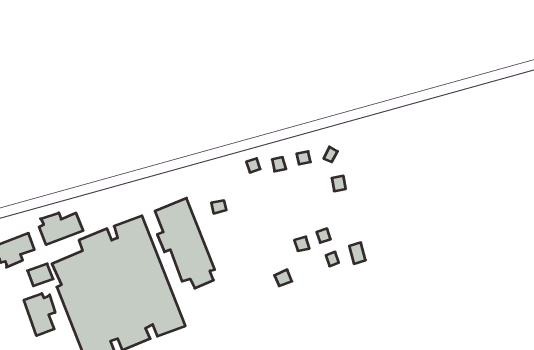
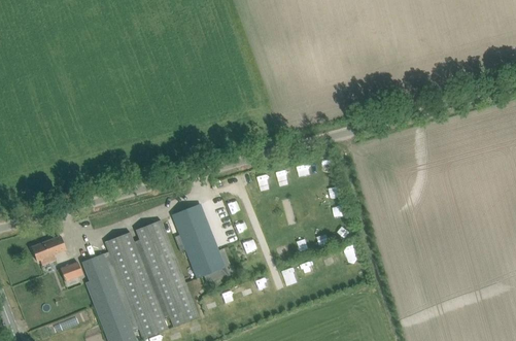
building: [39,213,83,245] -> none
building: [24,293,55,336] -> none

